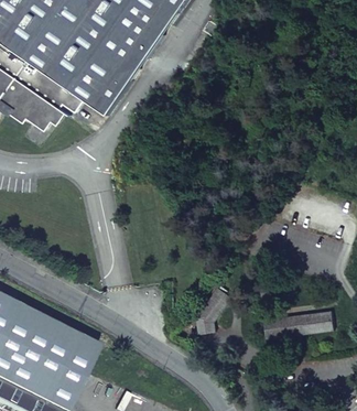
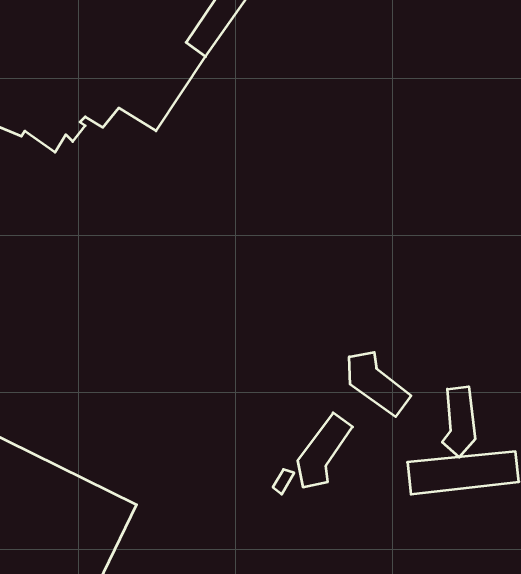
building: none -> [349,352,411,417]
building: none -> [442,387,475,457]

